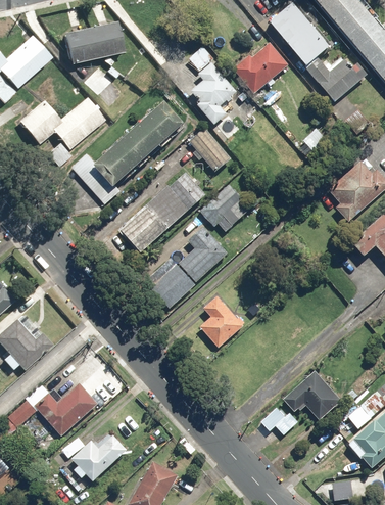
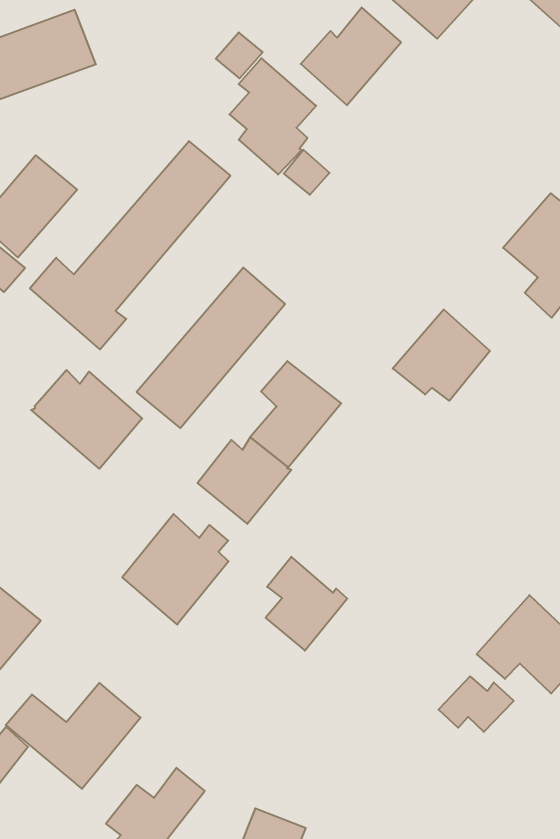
building: [307,55,369,101] -> none
building: [187,127,232,173] -> none
building: [198,183,251,232] -> [393,310,490,401]
building: none -> [31,370,142,469]
building: [200,295,245,347] -> [266,557,347,651]
building: none -> [122,514,229,625]

